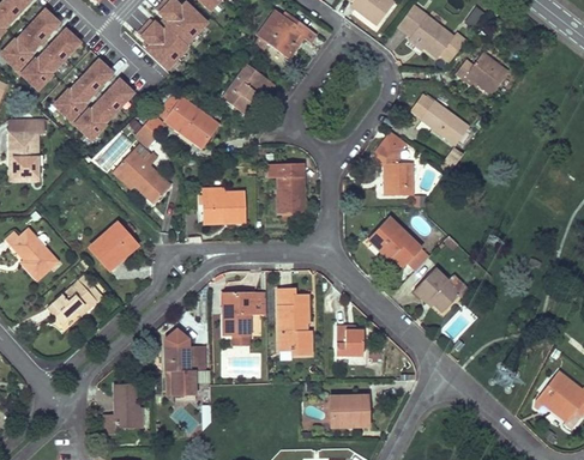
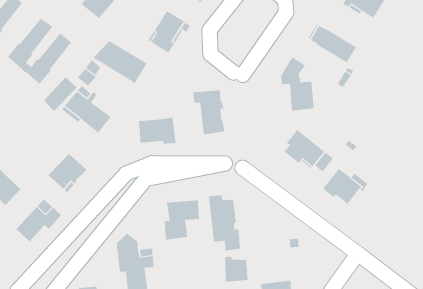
building: [336,326,363,356] -> [224,256,248,282]

